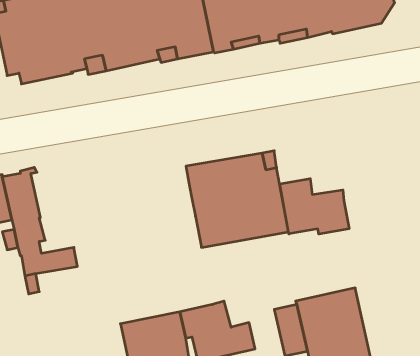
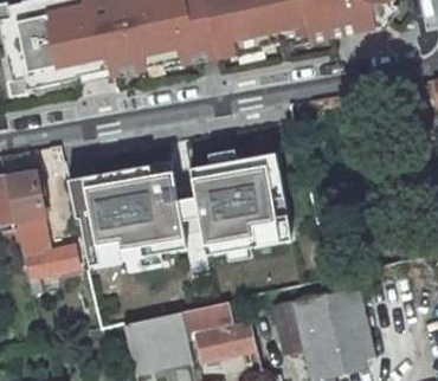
building: none -> [69,160,198,267]
building: [280,179,349,234] -> none

